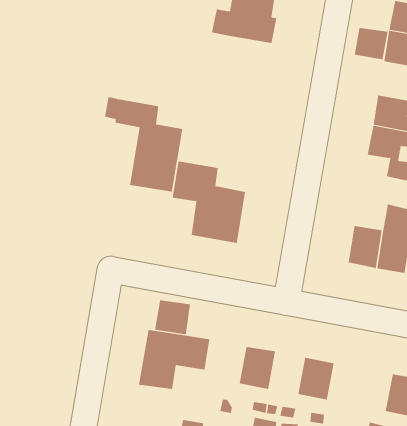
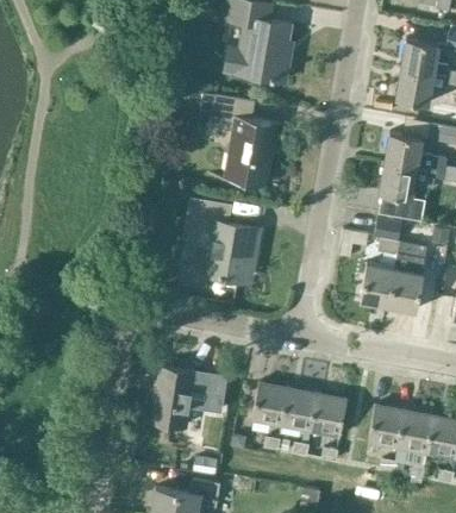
building: [354,27,388,60] -> none
building: [104,96,183,192] -> [200,92,279,187]
building: none -> [375,218,401,255]
building: [154,299,190,335] -> none
building: none -> [282,388,318,431]
building: none -> [369,405,405,448]

